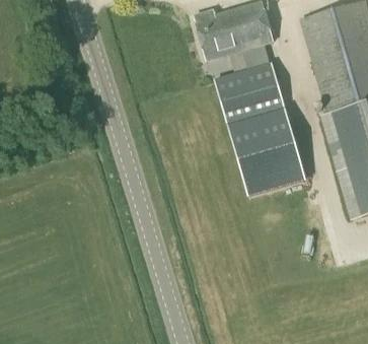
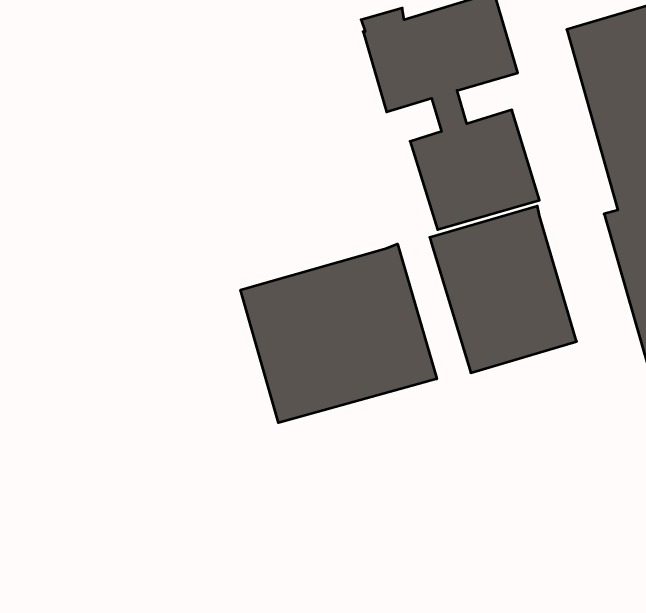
building: none -> [241,244,437,423]

